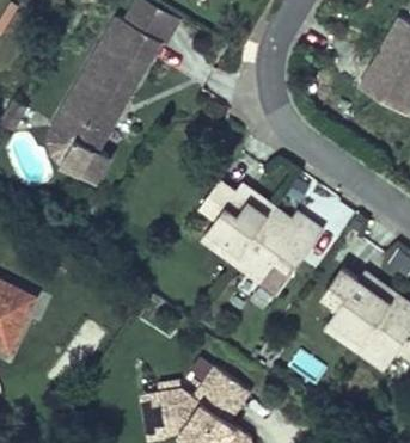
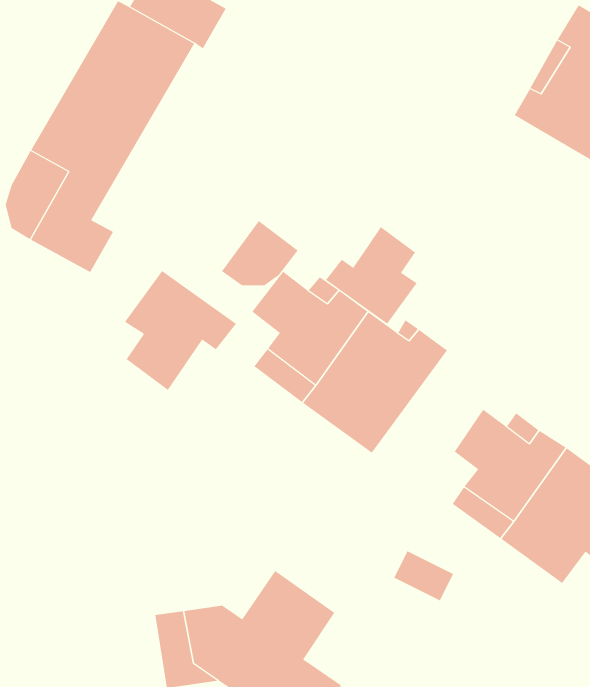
building: none -> [221,220,298,286]
building: none -> [325,226,418,324]
building: none -> [124,270,237,391]

